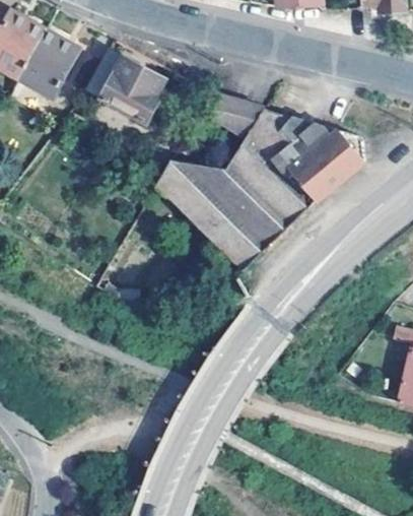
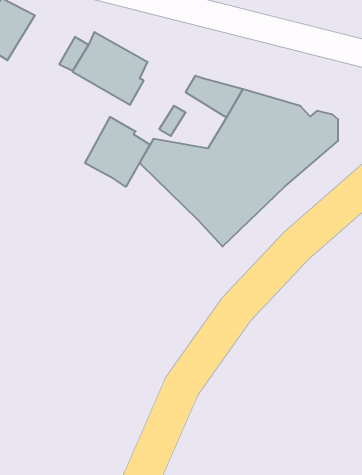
building: [18,30,79,98] -> none
building: none -> [85,117,150,187]

